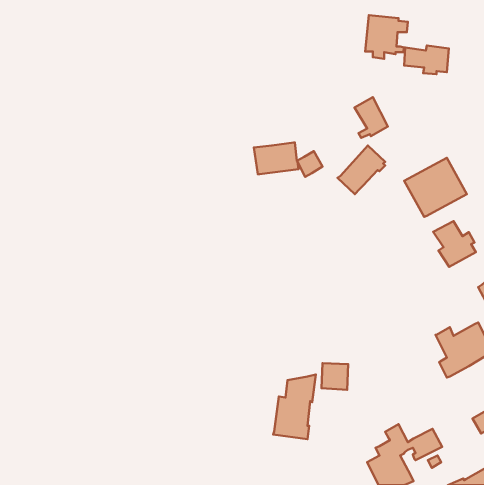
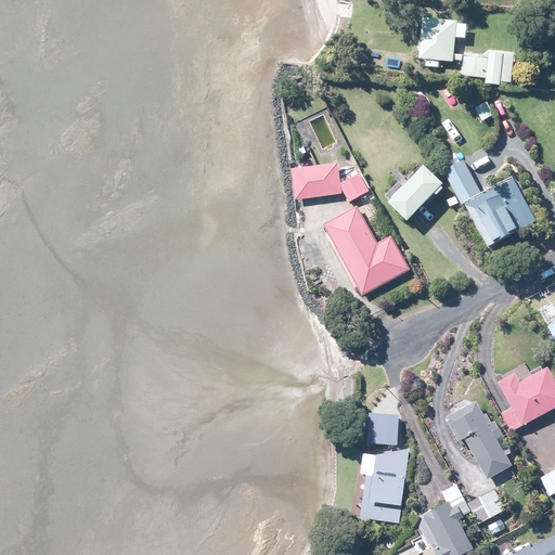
building: [355,97,388,138] -> [443,159,481,206]
building: none -> [323,205,411,295]
building: [433,221,476,267] -> none
building: none -> [444,399,508,478]
building: [273,375,316,439] -> [360,449,409,522]

